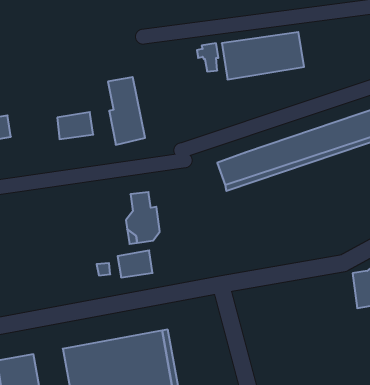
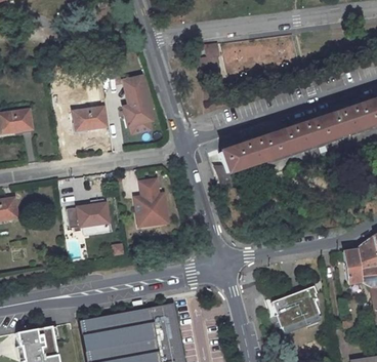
building: [118,250,153,277] -> [78,201,110,226]
building: none -> [273,285,321,333]

